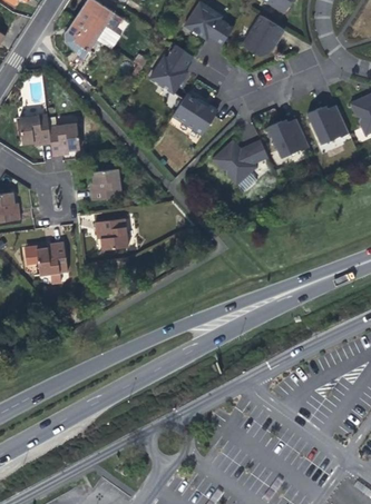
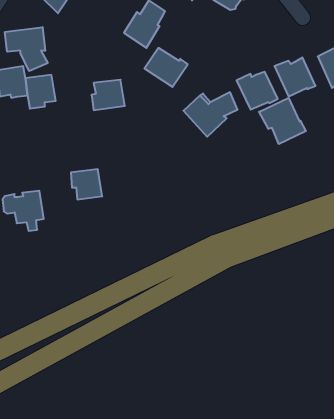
building: none -> [5,27,48,71]
building: none -> [259,98,306,144]
building: [88,169,123,200] -> [91,80,125,110]

